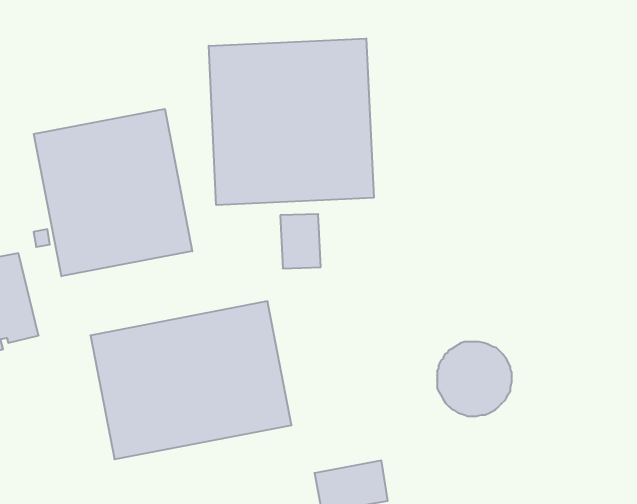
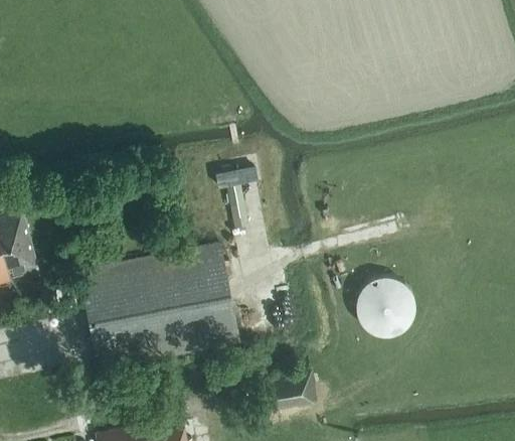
building: [209,38,374,205] -> none
building: [34,109,192,276] -> none

